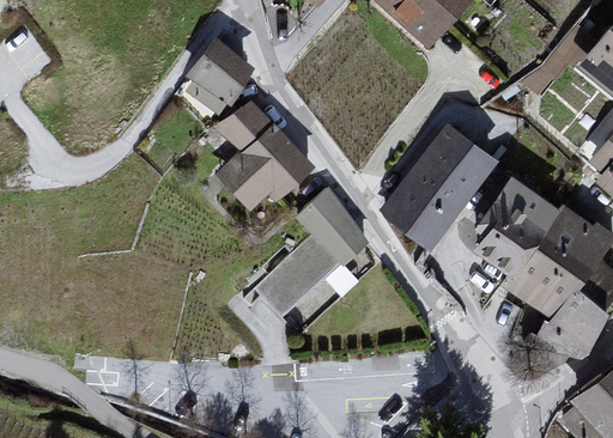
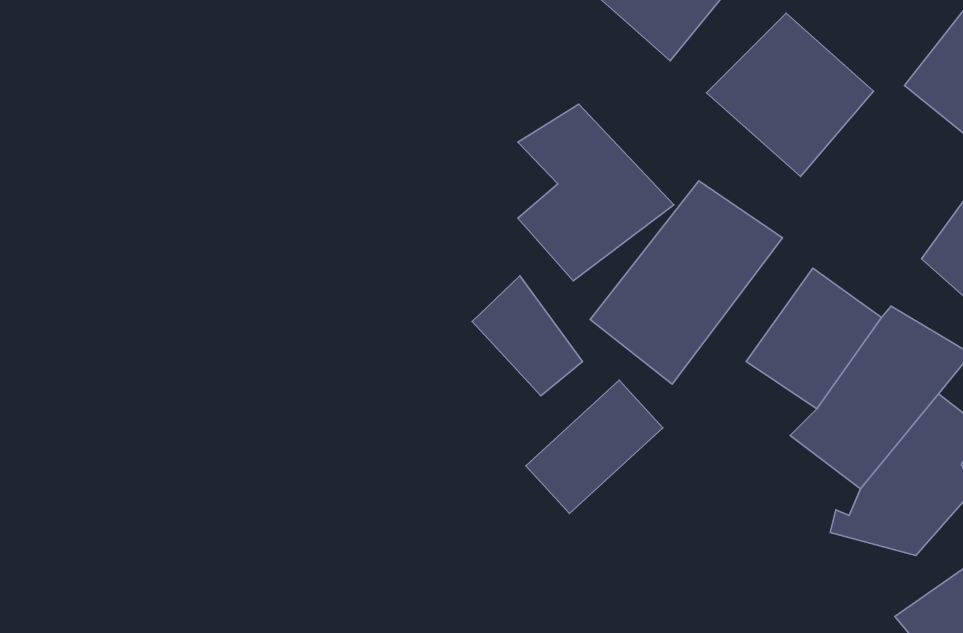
building: none -> [707,13,873,176]
building: [188,41,254,105] -> none
building: [216,102,314,213] -> [518,104,674,281]
building: [260,230,346,314] -> [526,380,663,513]

